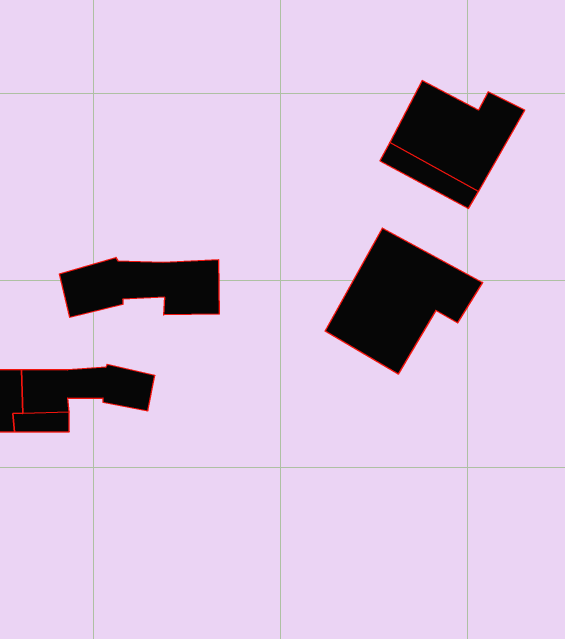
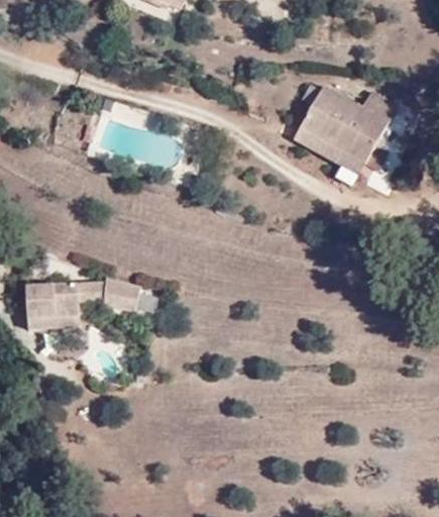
building: [325,228,483,374] -> none
building: [59,257,219,317] -> none

